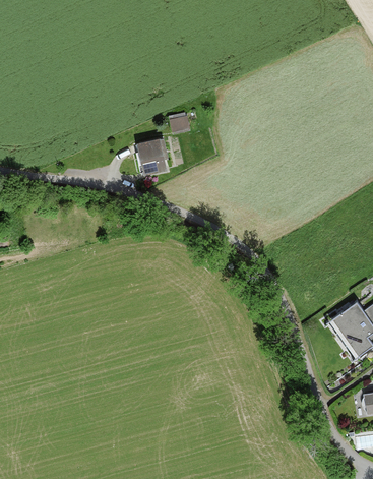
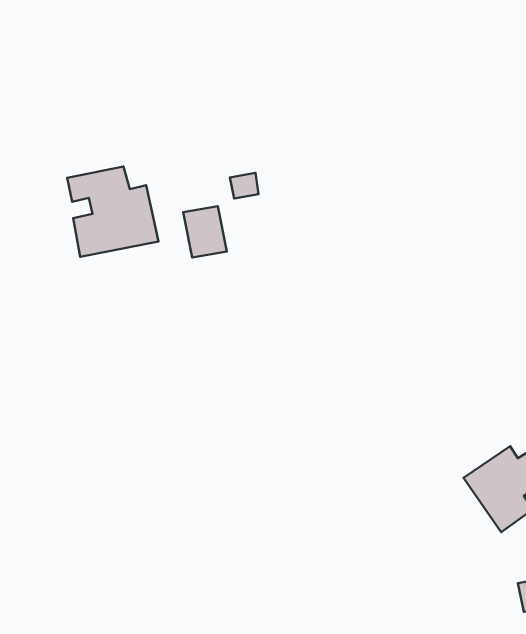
building: none -> [67,167,158,257]

